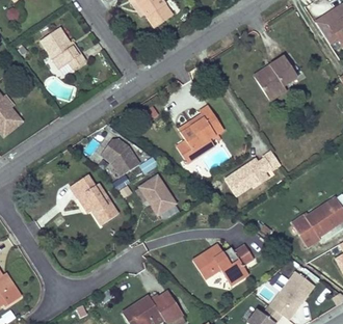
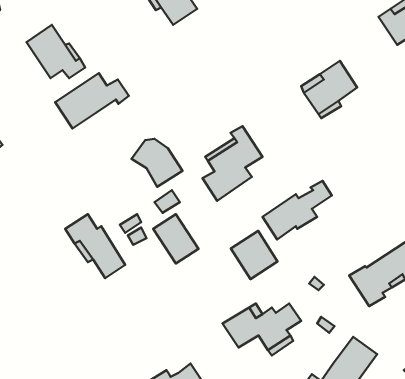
building: none -> [55,73,129,129]
building: [100,138,139,176] -> [132,139,182,187]
building: none -> [231,231,278,279]

